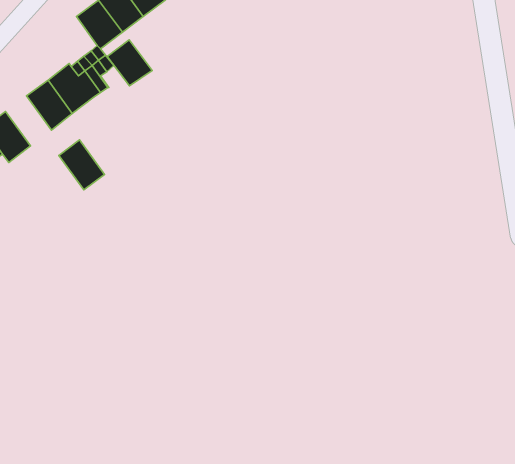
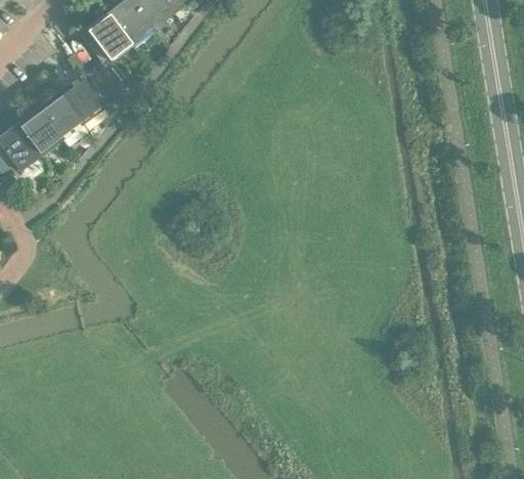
building: [107,40,152,86] -> none
building: [59,140,105,190] -> [14,108,59,158]

